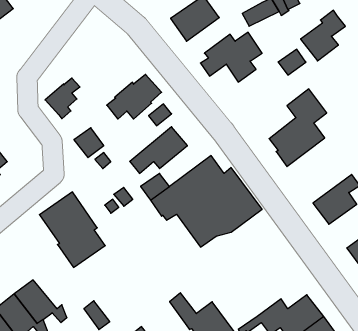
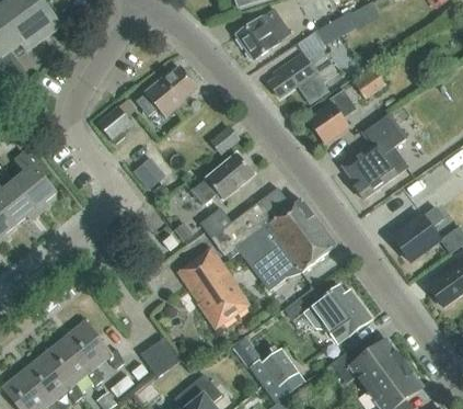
building: [301,10,345,61] -> [306,88,356,144]
building: [107,74,162,119] -> [136,68,196,117]
building: [39,192,105,267] -> [177,246,250,329]
building: none -> [283,286,370,344]

